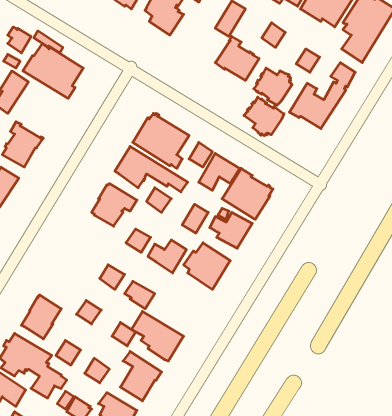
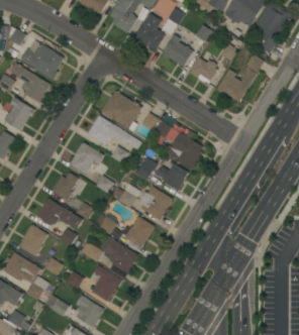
building: none -> [134,13,165,50]
building: none -> [18,68,49,103]
building: [244,97,284,136] -> none
building: none -> [52,173,78,201]
building: none -> [35,198,82,229]
building: none -> [121,216,154,247]

